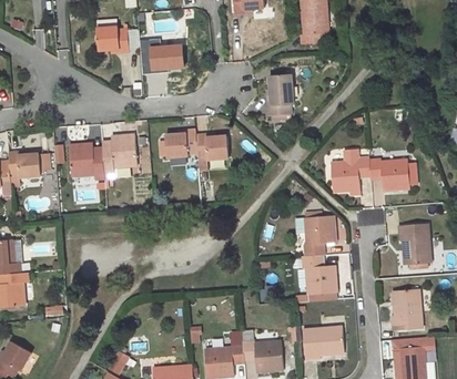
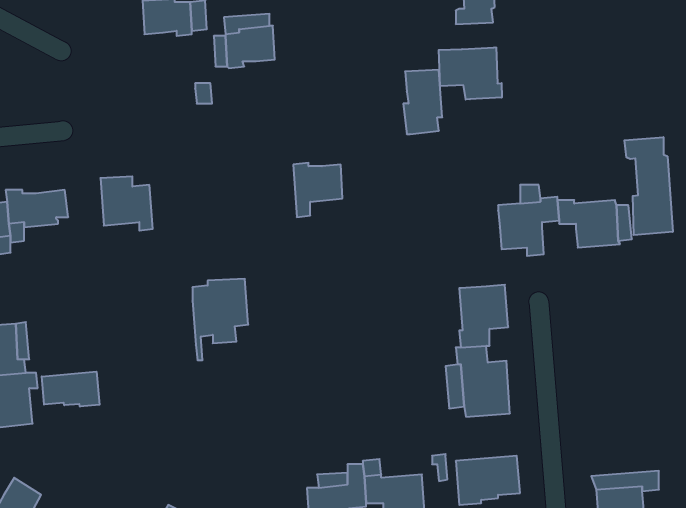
building: none -> [439,47,502,100]
building: none -> [624,137,673,235]
building: [158,131,196,157] -> none
building: [101,135,138,188] -> [192,279,248,360]
building: [398,223,430,265] -> none
building: none -> [42,372,100,407]
building: [392,288,423,331] -> none

